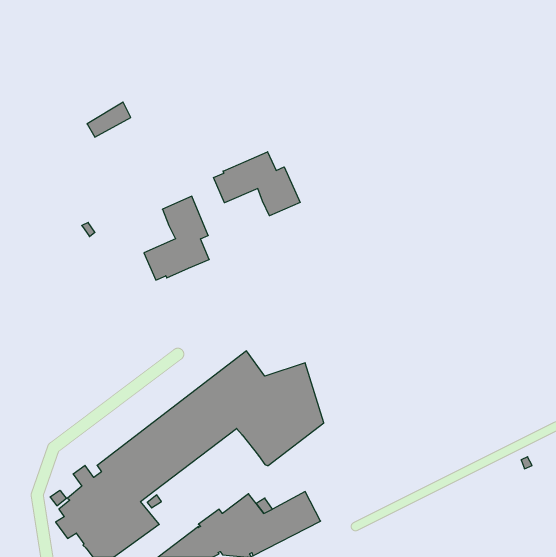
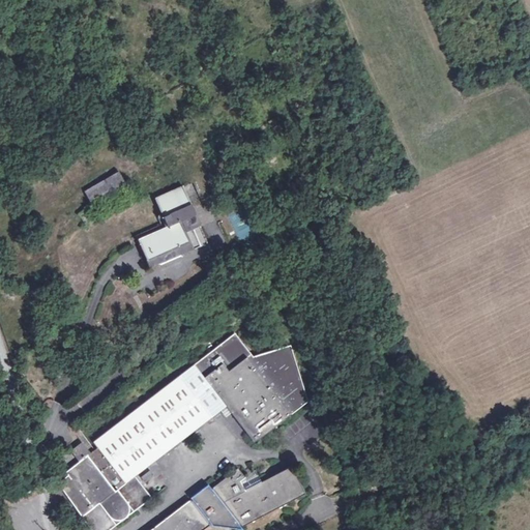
building: [87,102,131,137] -> [83,171,124,204]
building: [214,152,300,216] -> none

